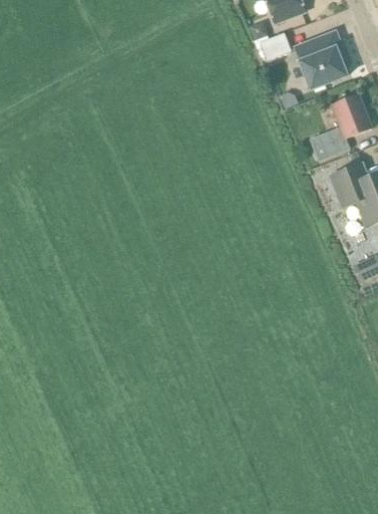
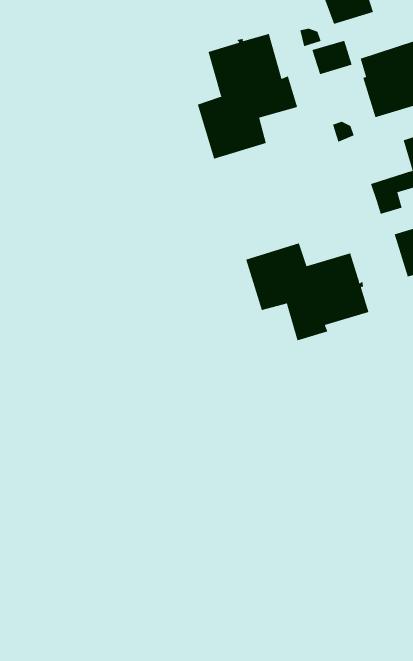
building: none -> [197,33,298,159]
building: none -> [246,242,369,341]

